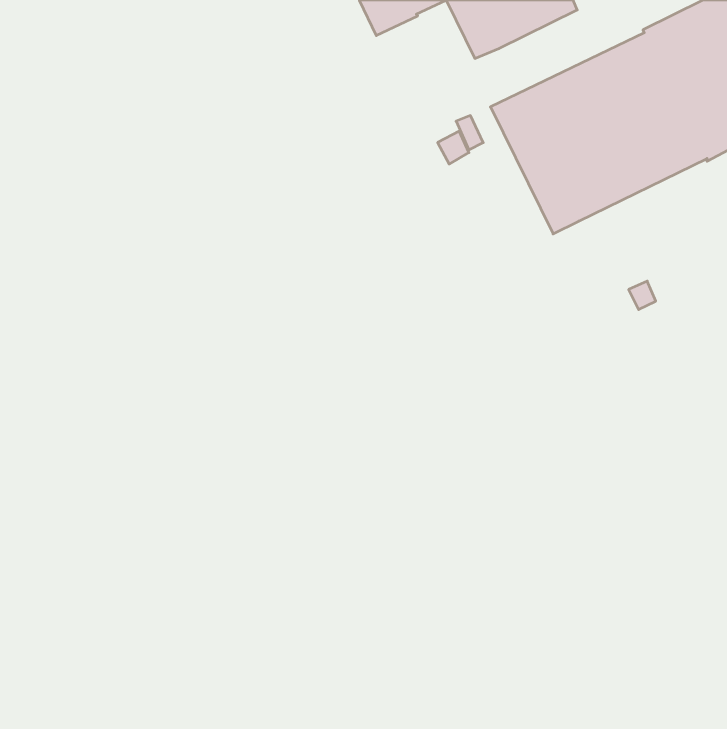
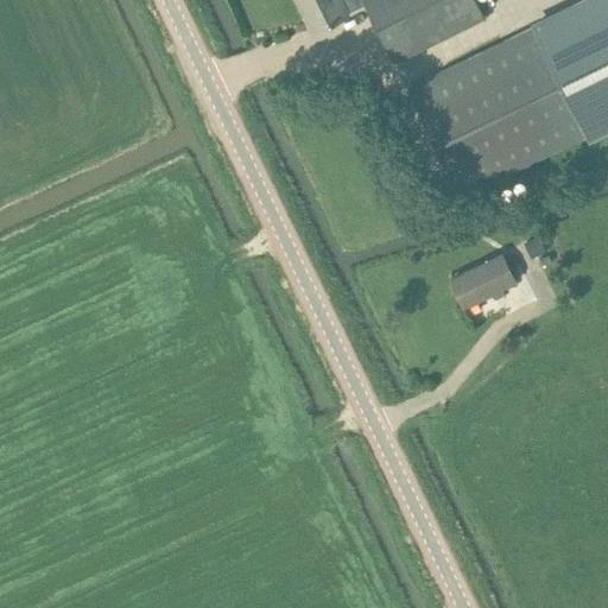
building: none -> [451,253,517,305]

